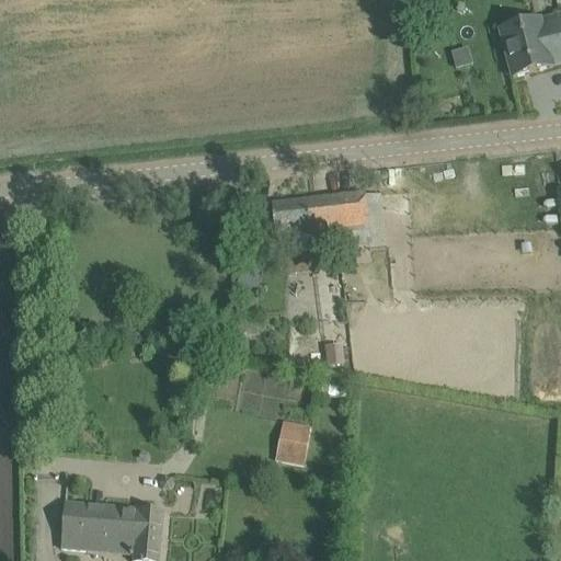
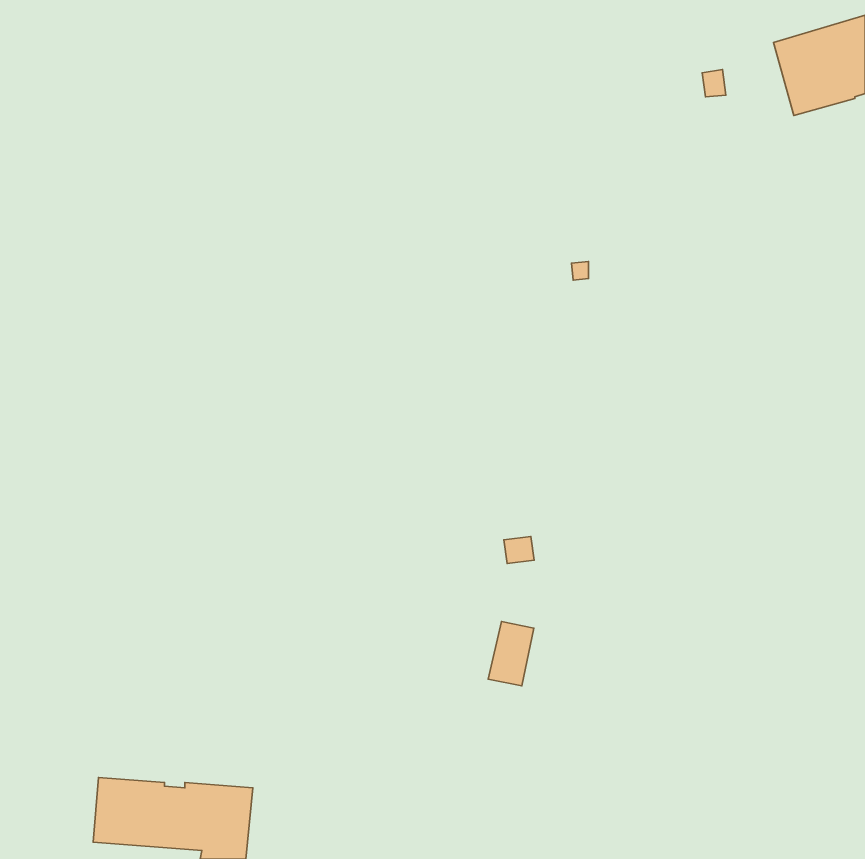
building: [272,190,368,245] -> none
building: [276,420,306,461] -> [488,621,534,686]

